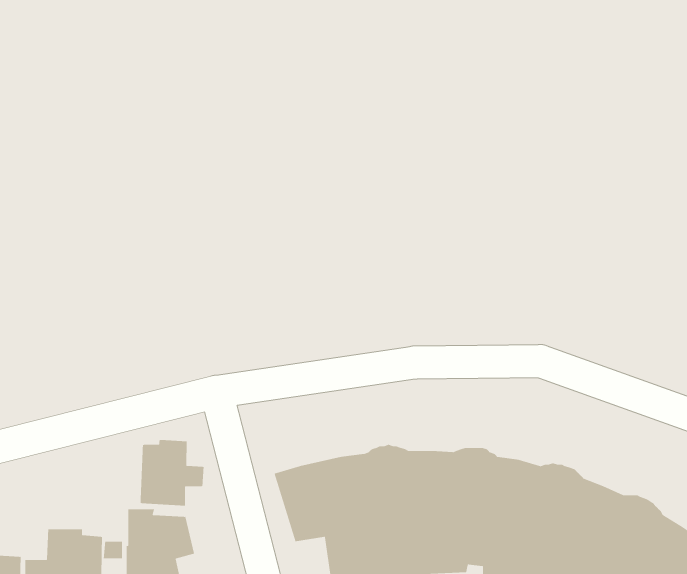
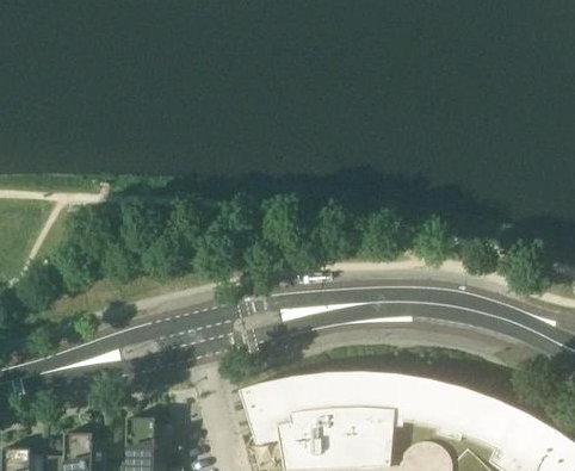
building: [140,439,205,508] -> none

